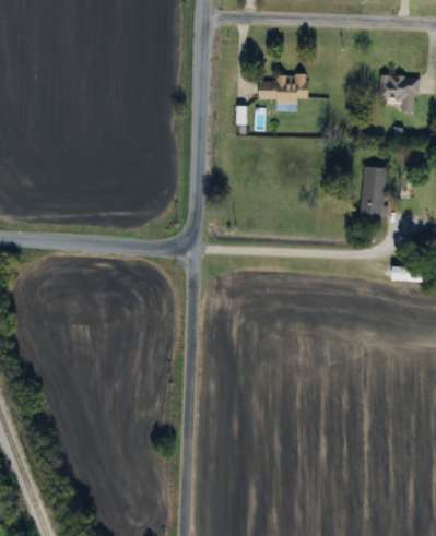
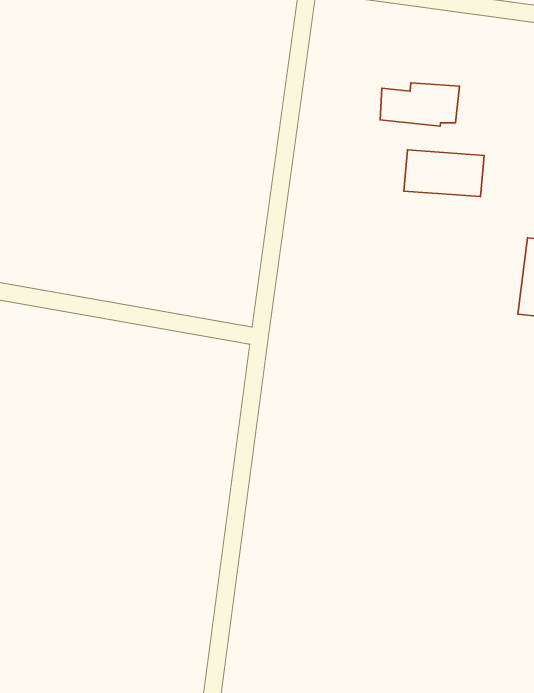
building: none -> [404,150,484,197]

